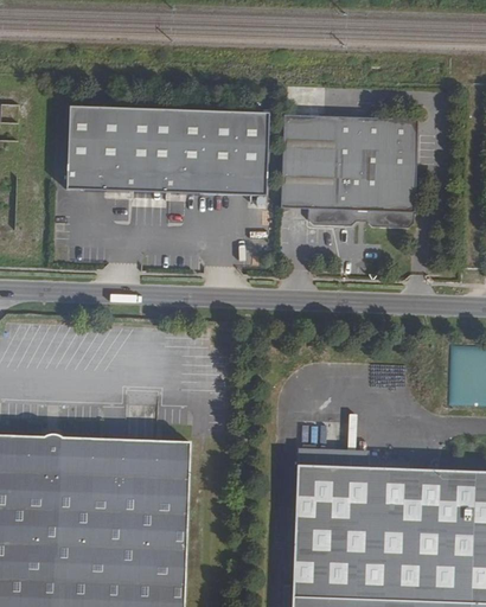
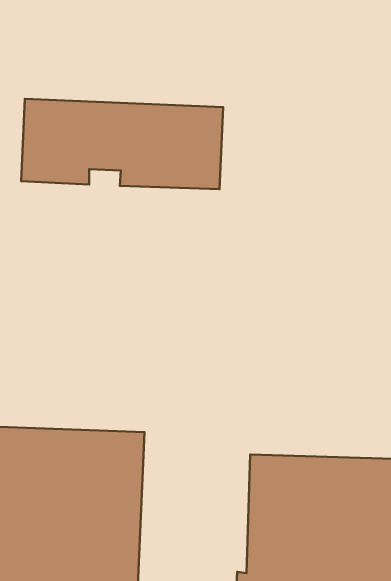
building: [281,115,418,228] -> none

